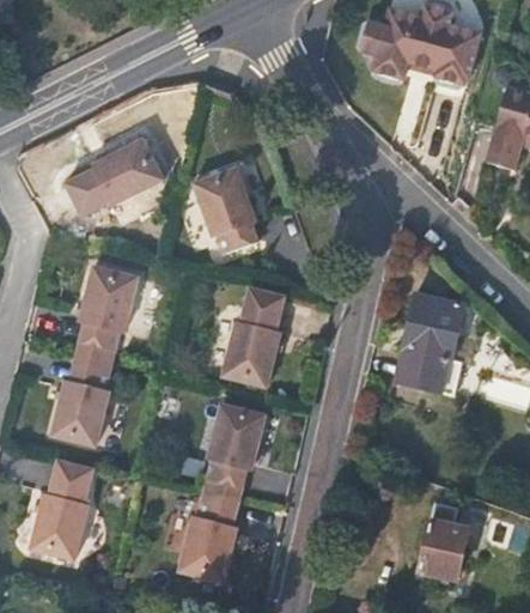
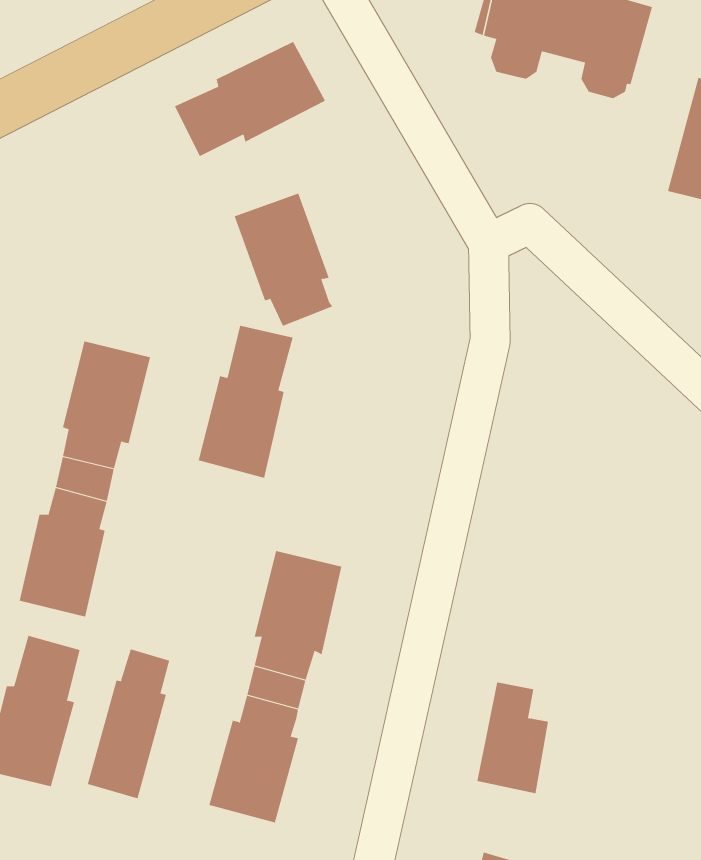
building: [67,136,167,213] -> [174,41,326,157]
building: [224,285,287,387] -> [198,325,294,479]
building: [394,291,458,393] -> none
building: none -> [87,649,170,799]
building: [416,502,464,576] -> [476,682,549,794]

